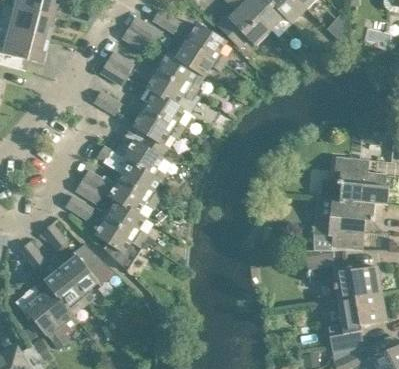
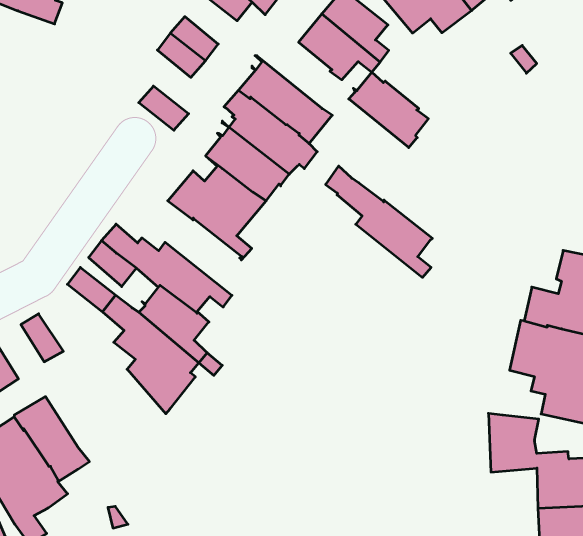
building: [158,53,203,92] -> [349,72,428,148]
building: [97,144,160,200] -> [326,166,432,277]
building: [60,242,115,300] -> none

